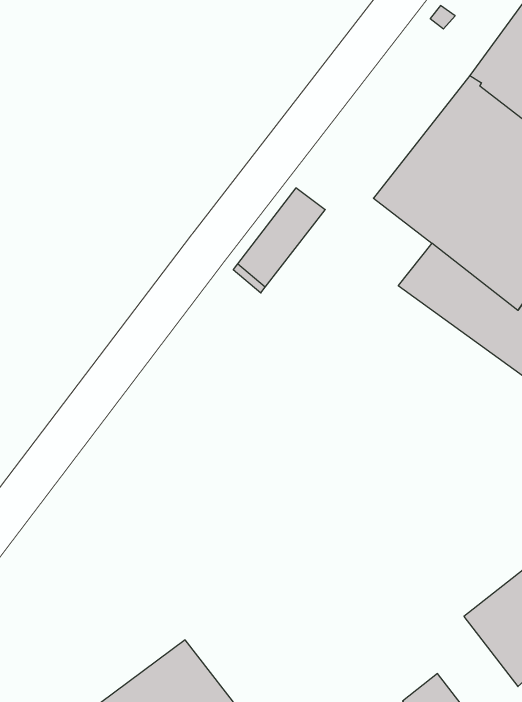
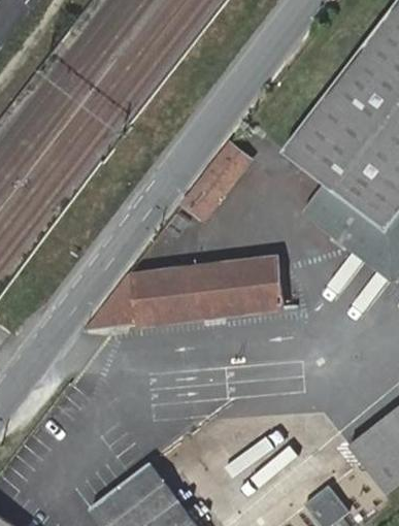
building: none -> [85,259,284,328]

